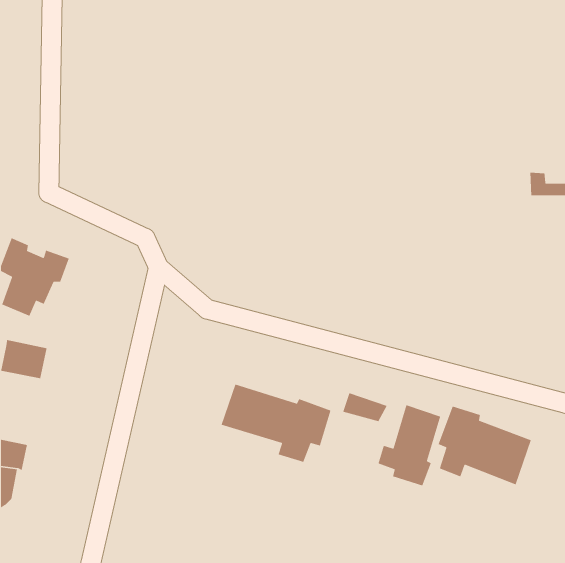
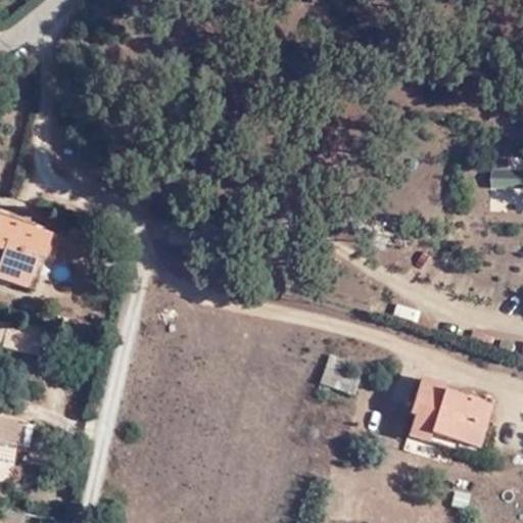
building: [220,384,332,463] -> none
building: [378,404,441,486] -> none

